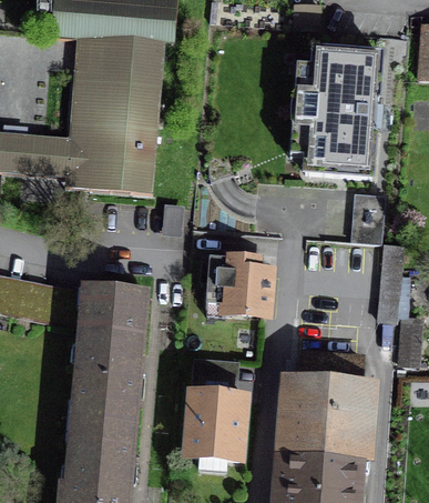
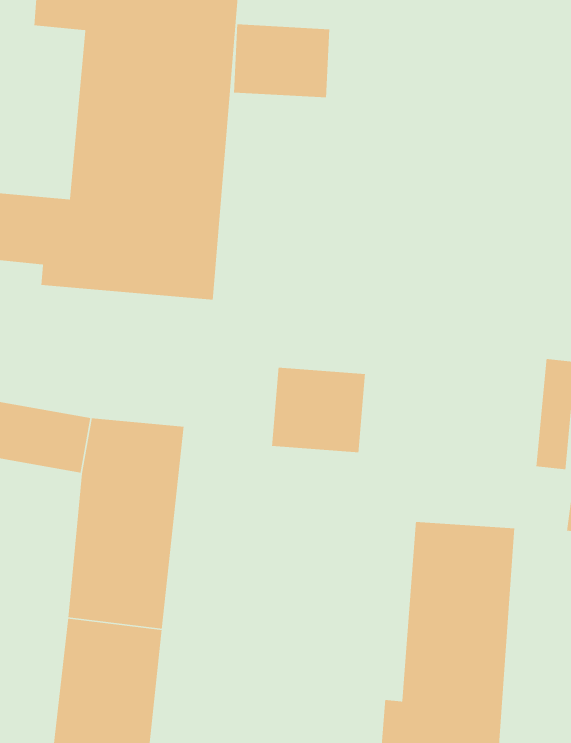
building: none -> [233,24,330,98]
building: [292,42,377,167] -> none
building: [350,197,382,241] -> none
building: [184,355,246,459] -> none

